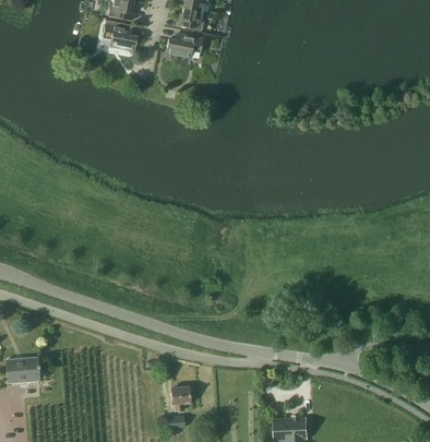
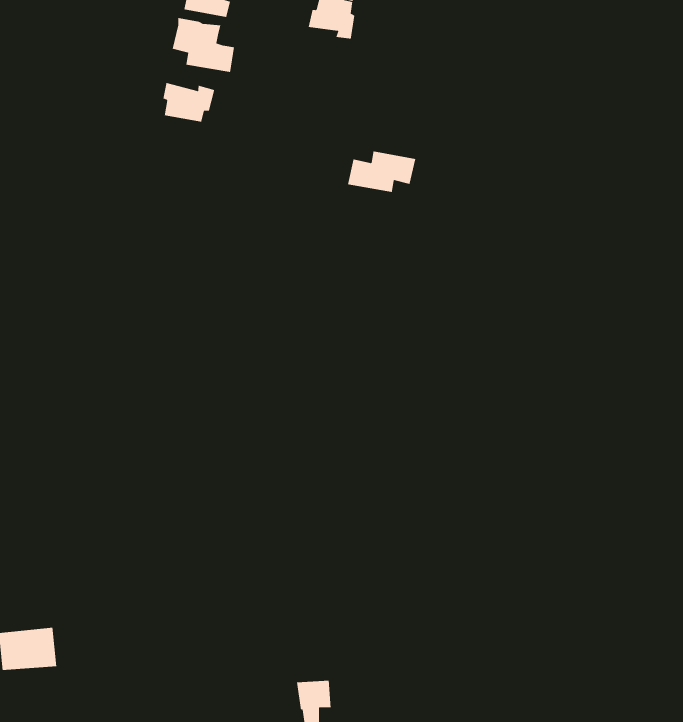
building: [166,34,204,57] -> [347,151,416,192]
building: none -> [163,82,215,123]

